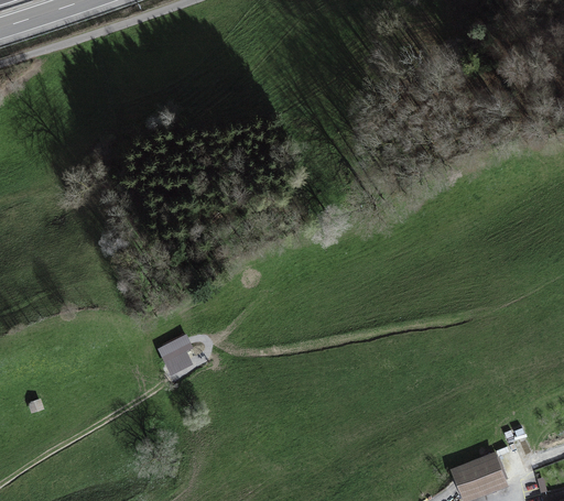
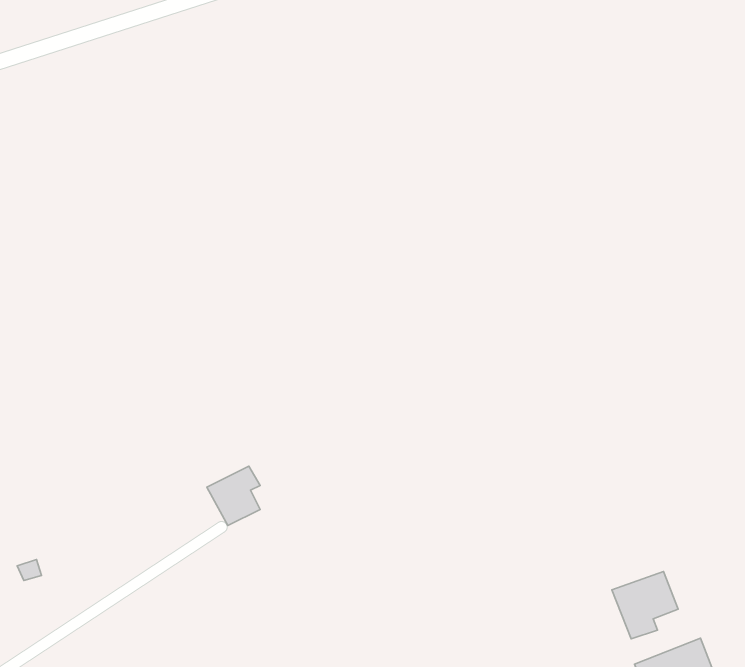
building: none -> [612,572,678,639]

